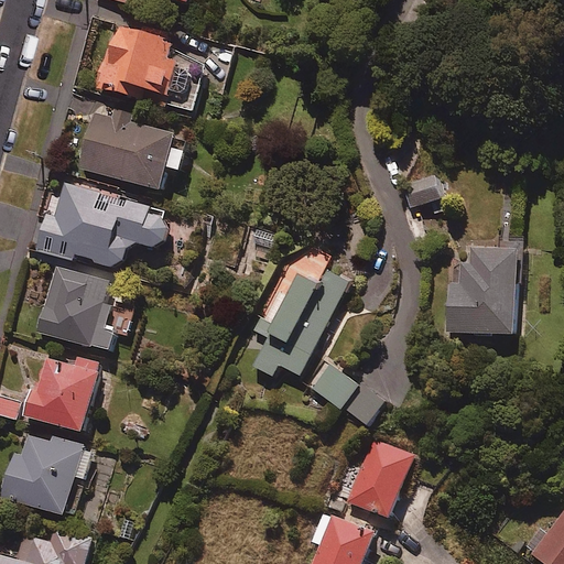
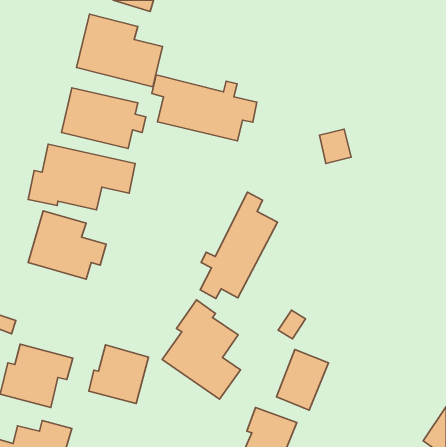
building: none -> [152,75,257,141]
building: [444,243,518,334] -> none
building: [23,357,98,431] -> [89,345,148,404]
building: [311,364,358,410] -> none
building: none -> [162,300,240,399]

